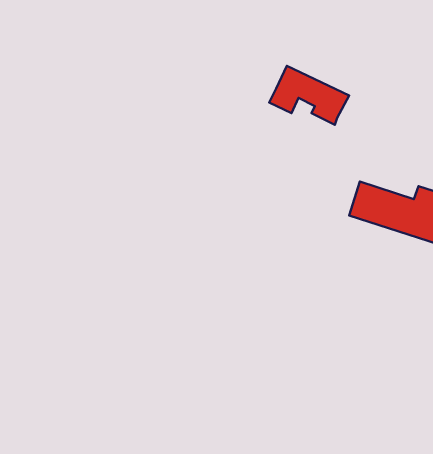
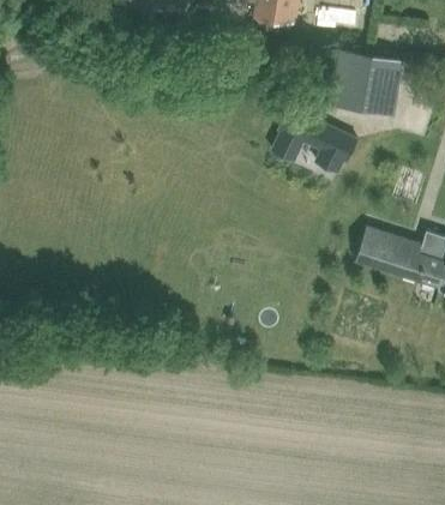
building: none -> [332,50,403,115]

